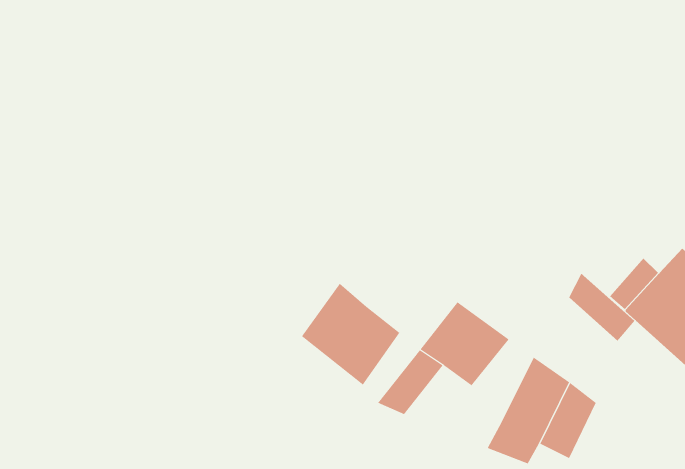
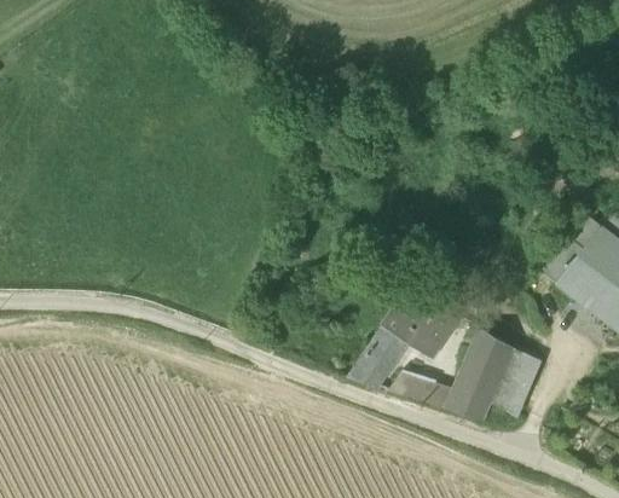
building: [568,273,635,341] -> none
building: [301,283,400,385] -> none
building: none -> [395,370,456,410]

